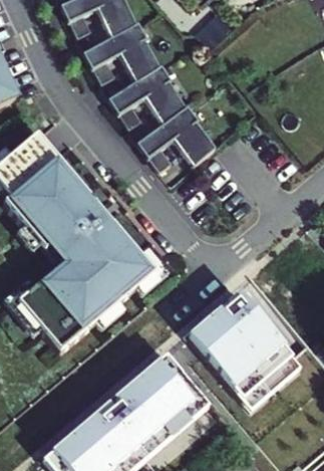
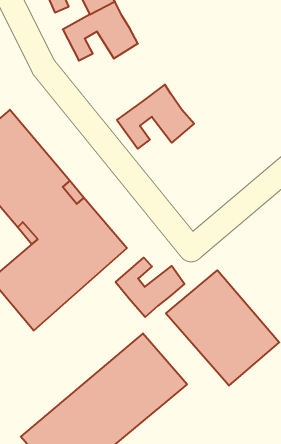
building: [109,66,187,128] -> none
building: none -> [116,258,184,317]

